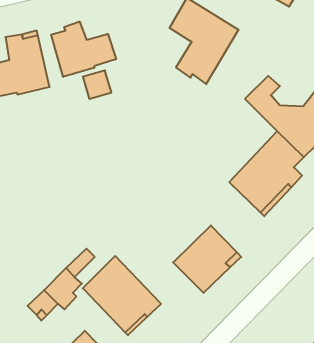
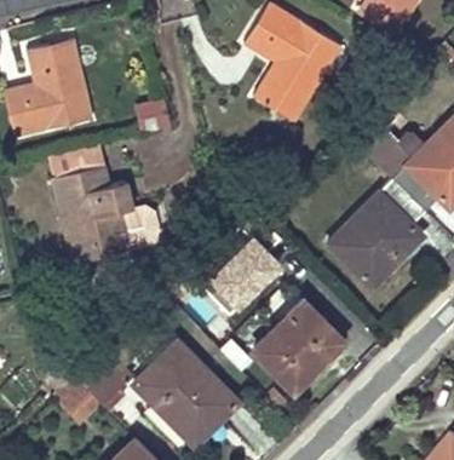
building: [51,22,116,77] -> none
building: none -> [56,165,162,261]
building: none -> [199,231,285,317]

